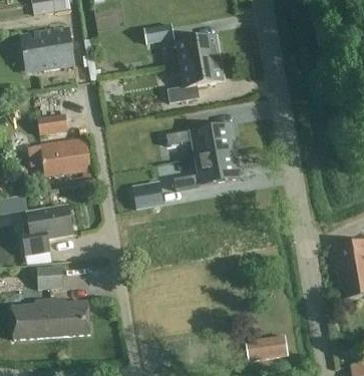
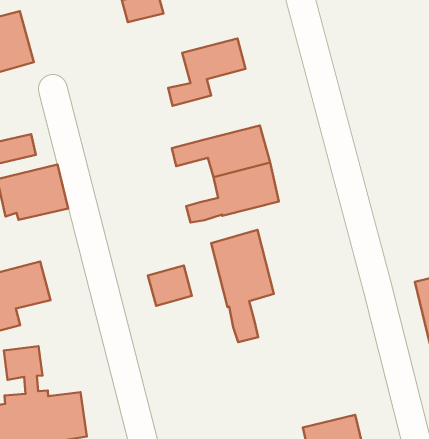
building: [175,36,220,66] -> none
building: [132,180,162,208] -> [148,266,192,306]
building: none -> [211,230,274,342]

